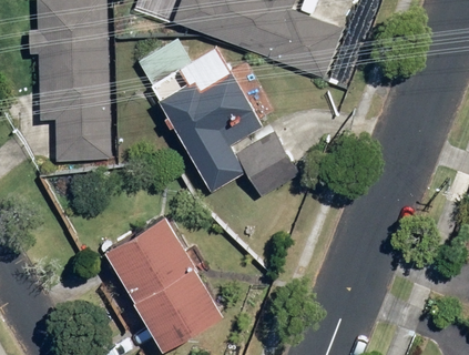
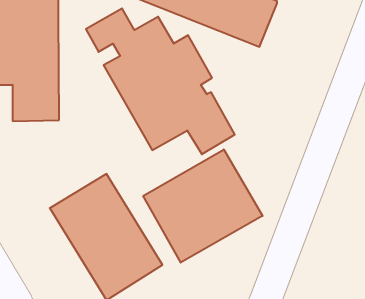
building: none -> [143,149,263,263]

